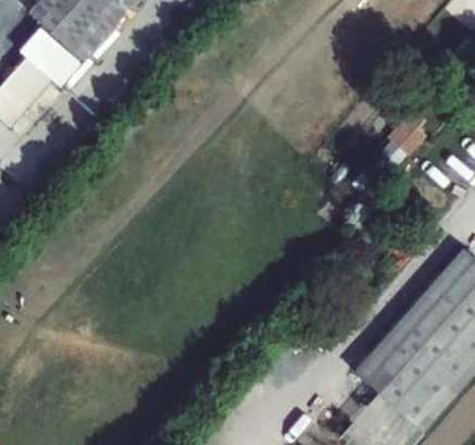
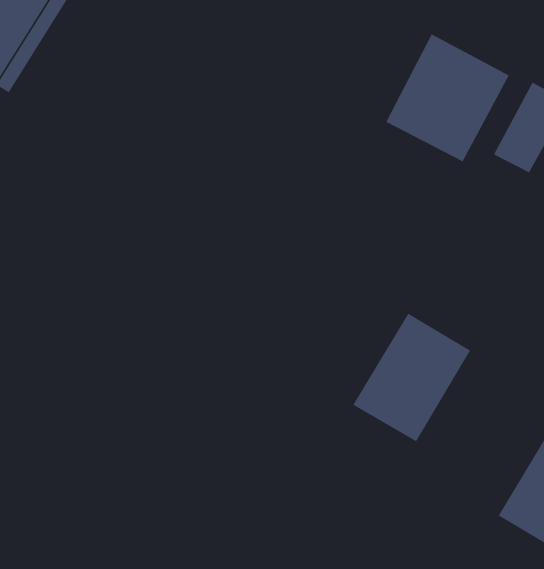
building: none -> [385,34,509,162]
building: none -> [352,313,471,442]

